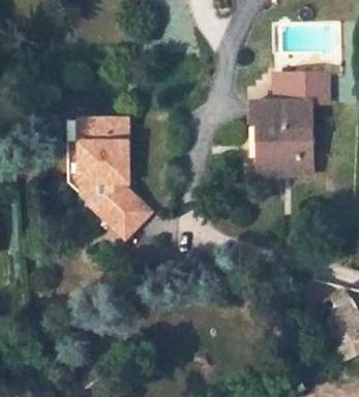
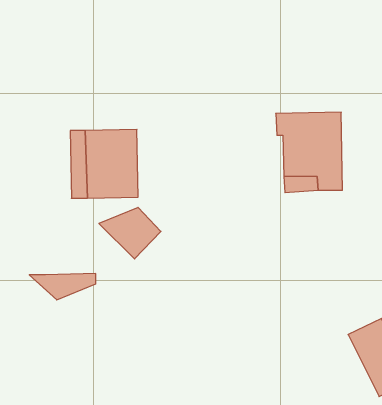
building: [275,72,327,103] -> none
building: [66,180,126,204] -> [29,274,96,300]

